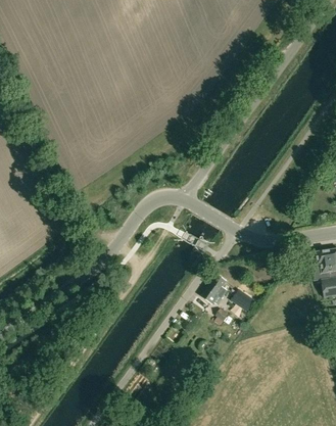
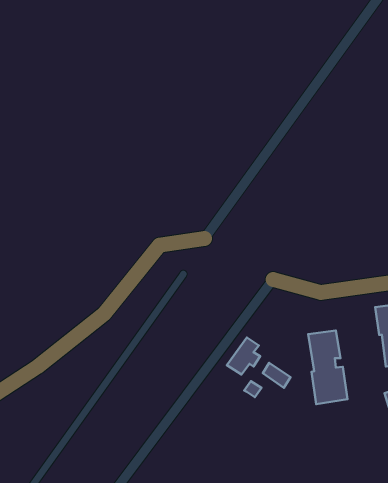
building: none -> [308,330,348,404]

